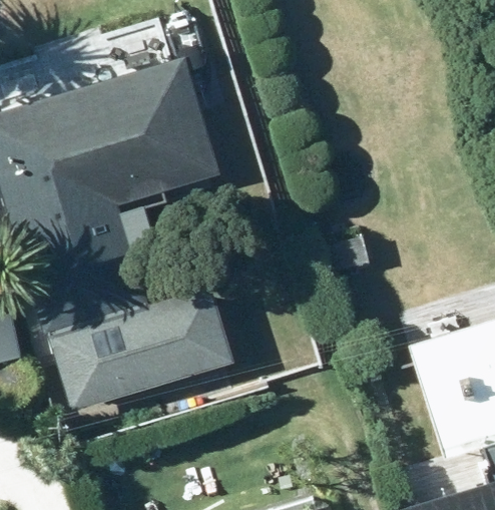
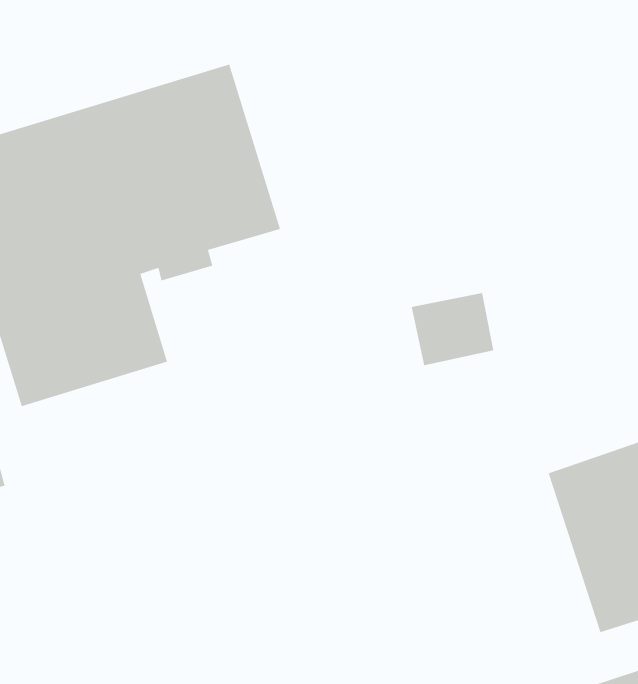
building: [45,296,220,404] -> none

